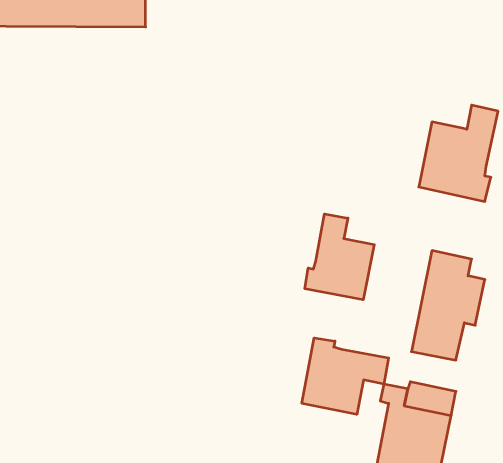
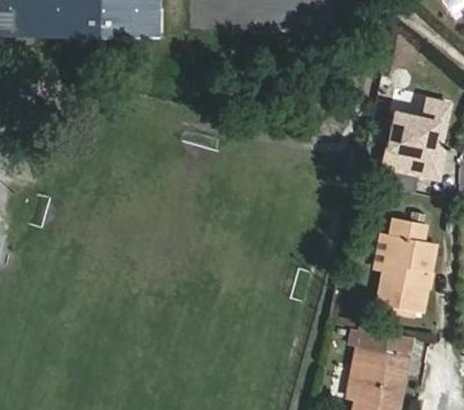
building: [305,214,374,300] -> none
building: [302,338,389,414] -> none

